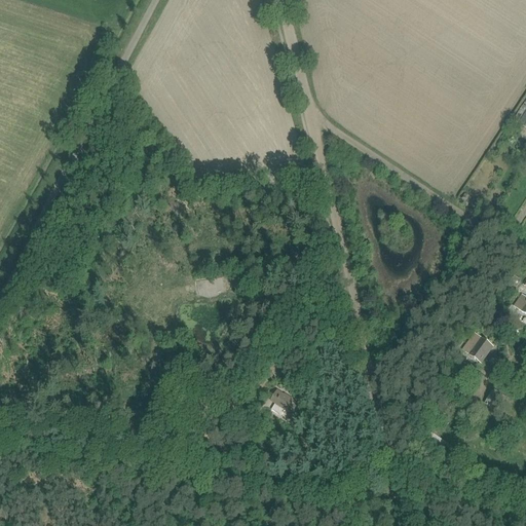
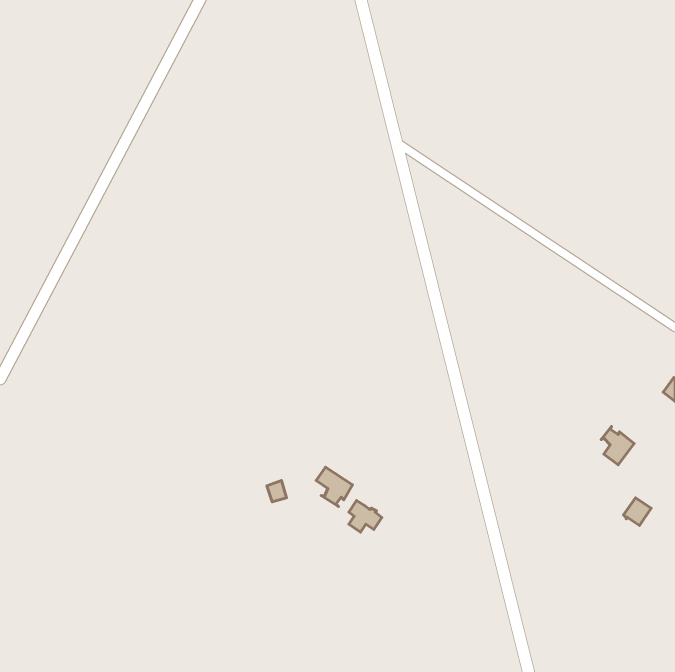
building: none -> [316,467,353,507]

